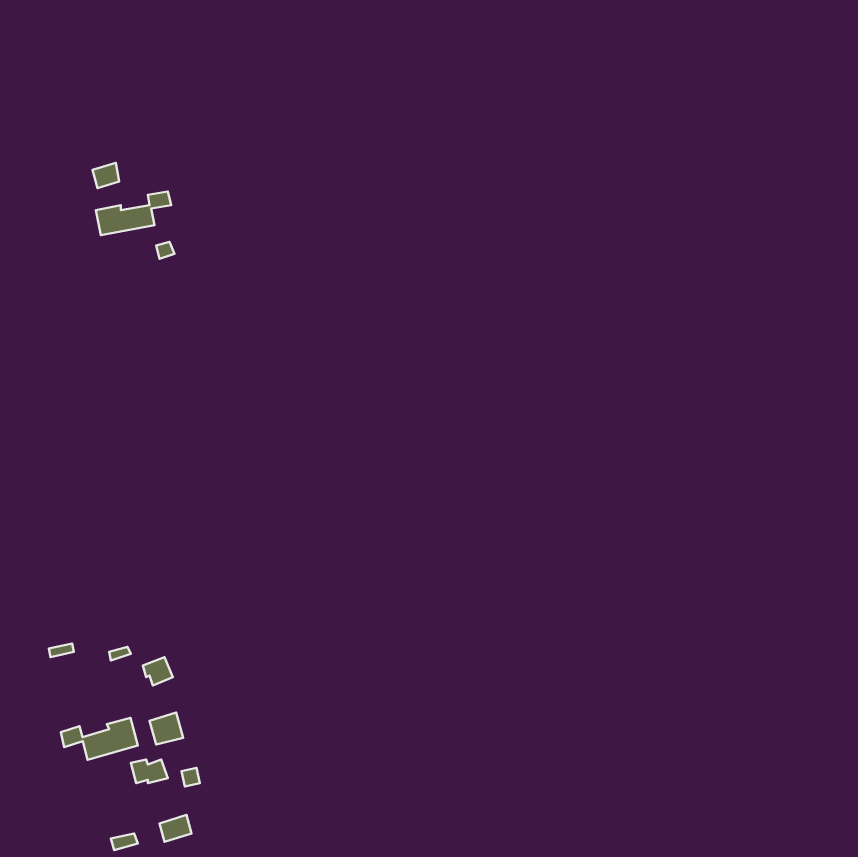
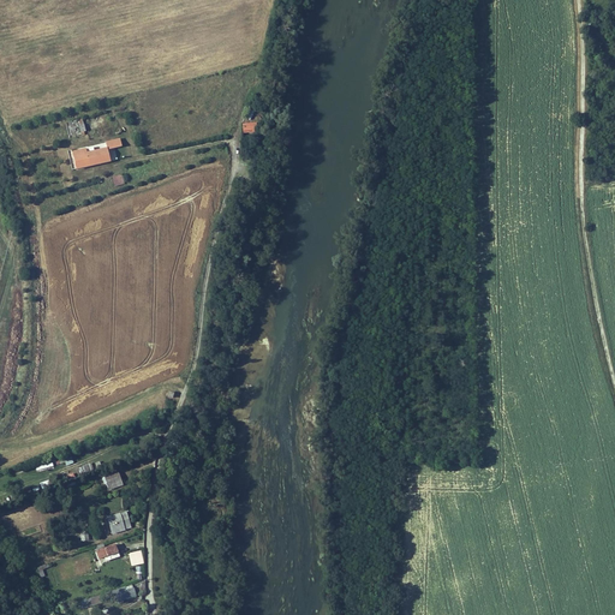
building: [61,718,138,760] -> none

